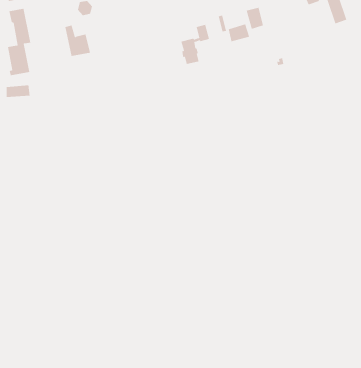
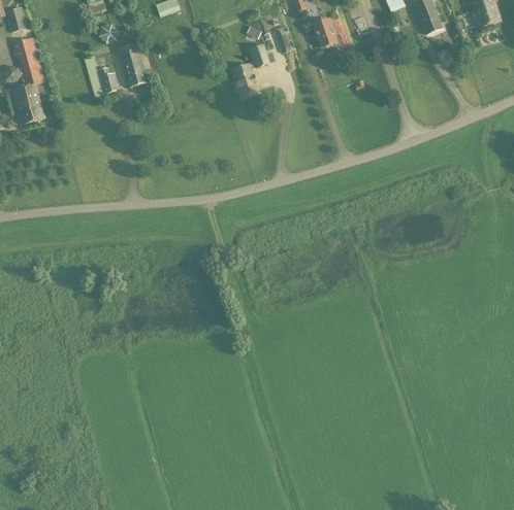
building: none -> [119,42,148,86]
building: [228,23,250,42] -> none
building: [6,84,30,98] -> none

